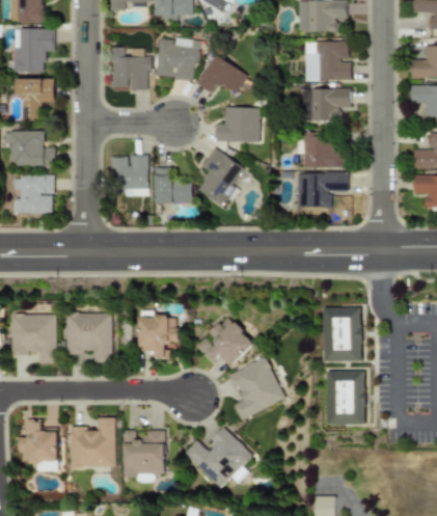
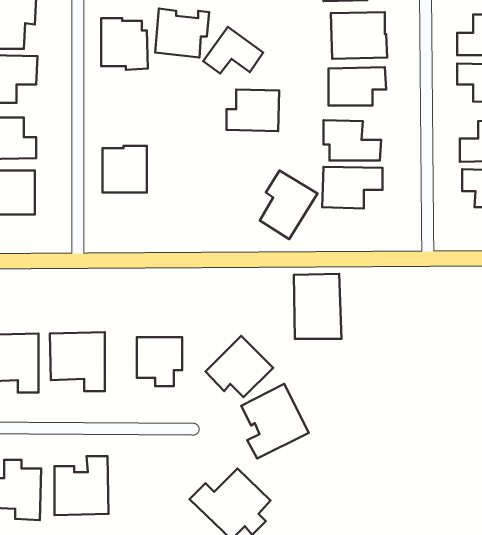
building: [197,147,246,206] -> [260,170,317,239]
building: [155,167,193,203] -> none
building: [323,306,363,361] -> [294,274,342,339]
building: [327,371,366,425] -> none
building: [125,430,166,478] -> none

